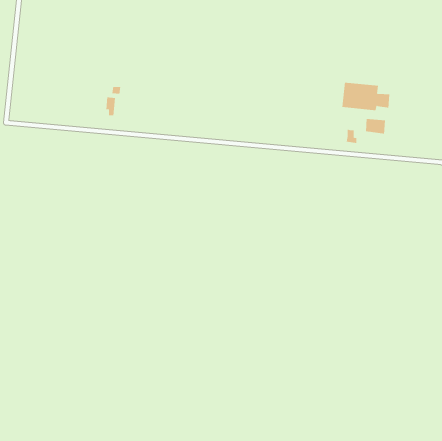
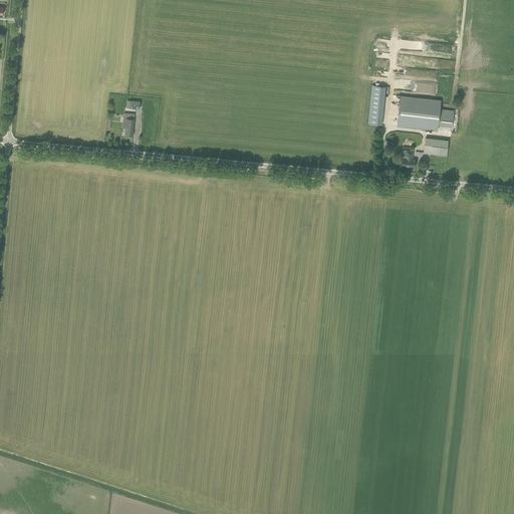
building: none -> [368,85,386,125]

